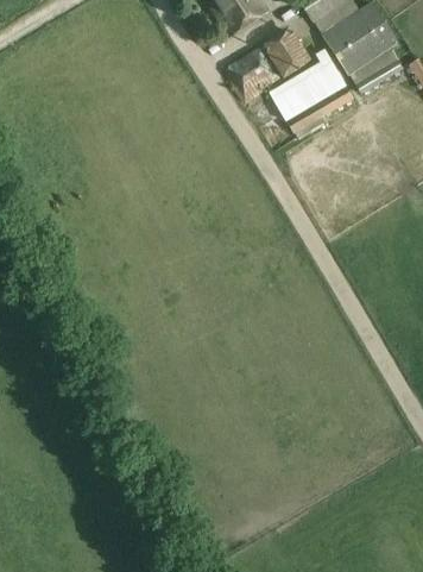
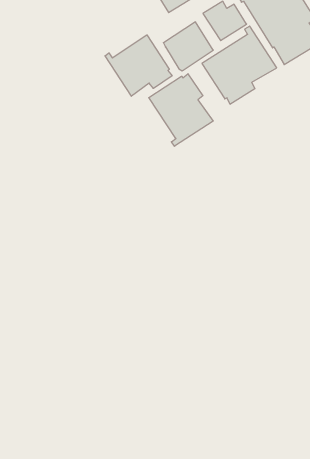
building: none -> [105,35,172,96]
building: none -> [149,74,213,146]

